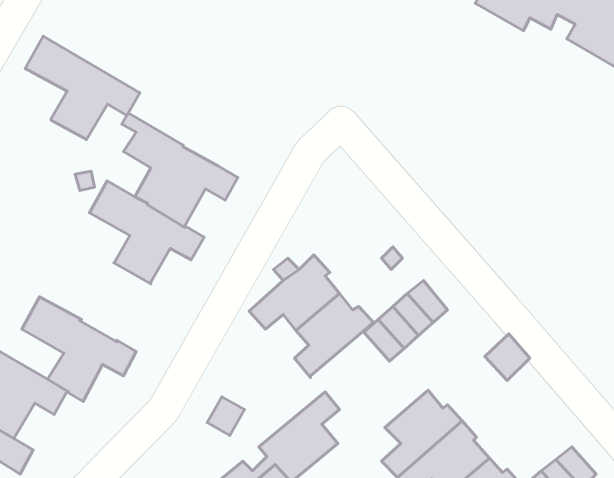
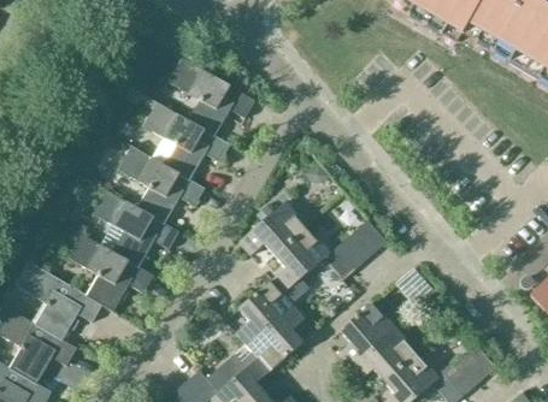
building: [25,36,140,140] -> [170,58,255,135]
building: none -> [93,189,181,266]
building: none -> [235,278,295,344]

